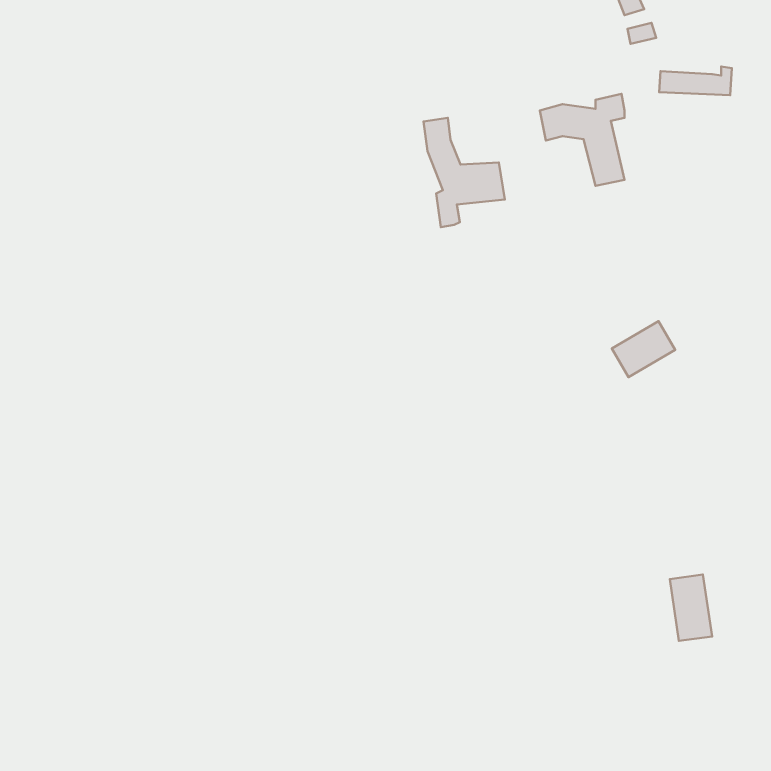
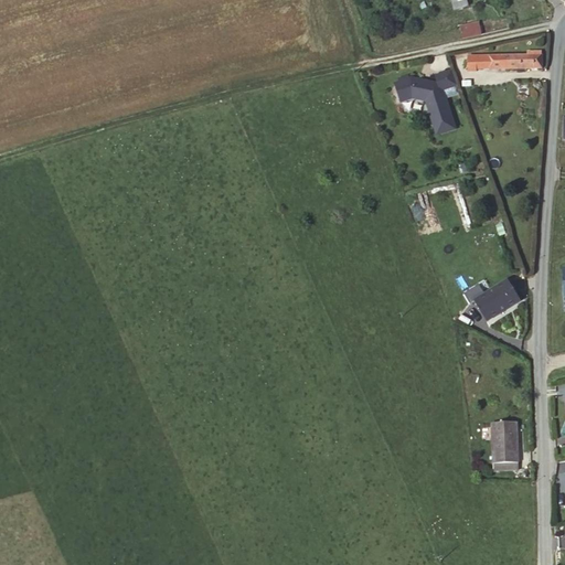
building: [424,118,505,227] -> none
building: [612,321,675,377] -> [473,278,520,319]

